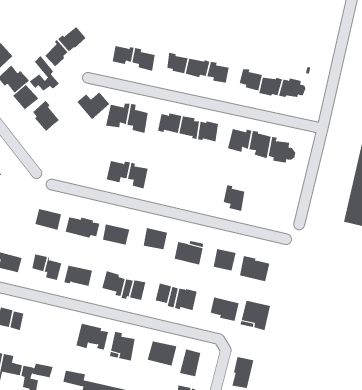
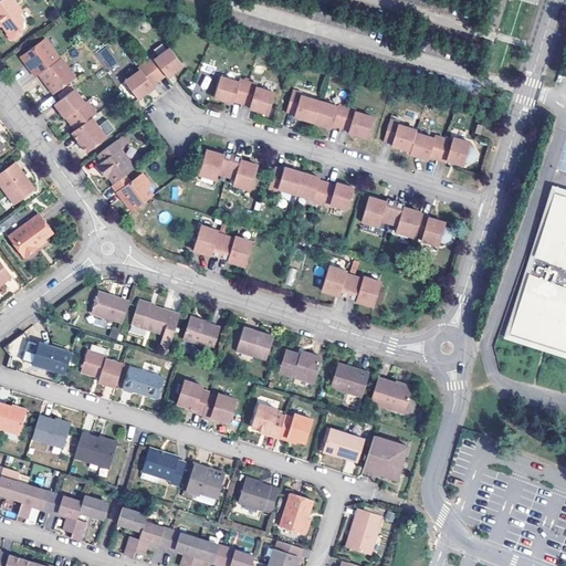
building: [29,55,60,92] -> none
building: [77,92,110,120] -> [115,175,160,212]
building: none -> [321,269,356,301]
building: none -> [75,433,116,470]

